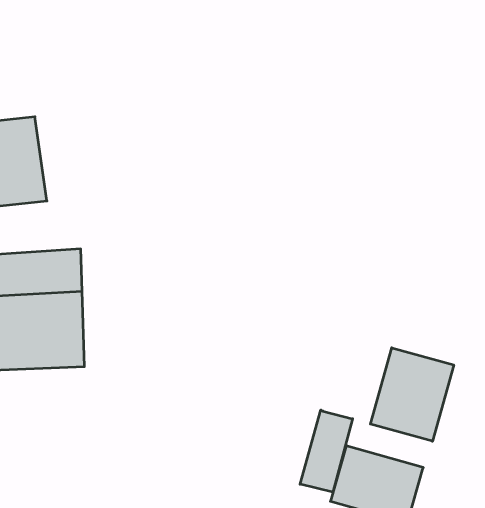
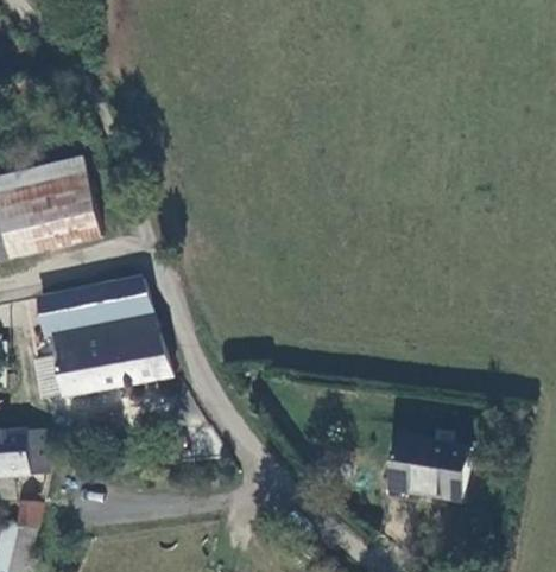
building: [370,348,454,441] -> none
building: [300,410,353,492] -> none

